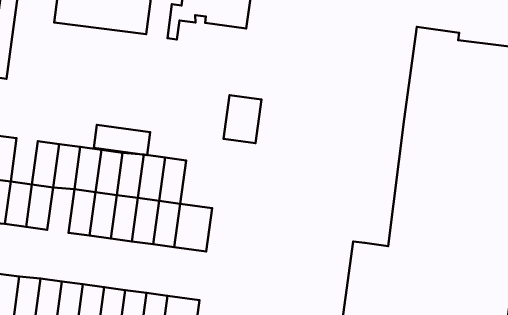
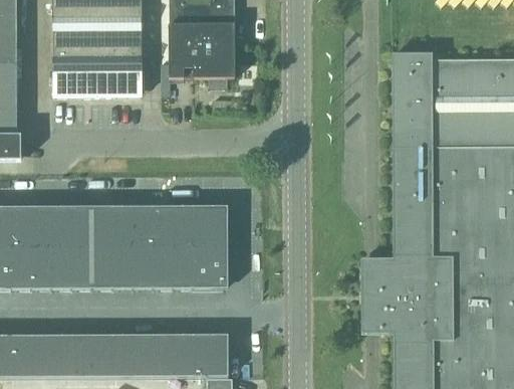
building: [224,95,261,143] -> [194,206,224,247]
building: [94,125,150,155] -> none
building: none -> [33,207,53,248]
building: none -> [73,247,93,288]

